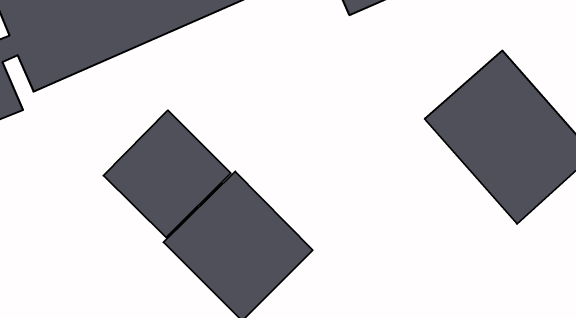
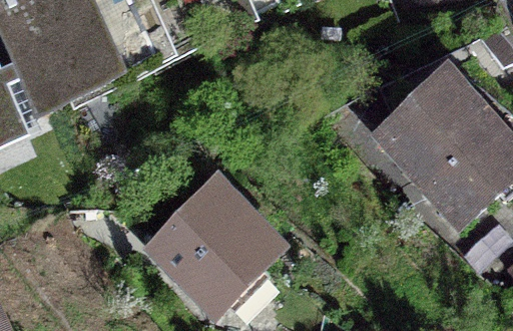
building: [103,110,231,237] -> none

